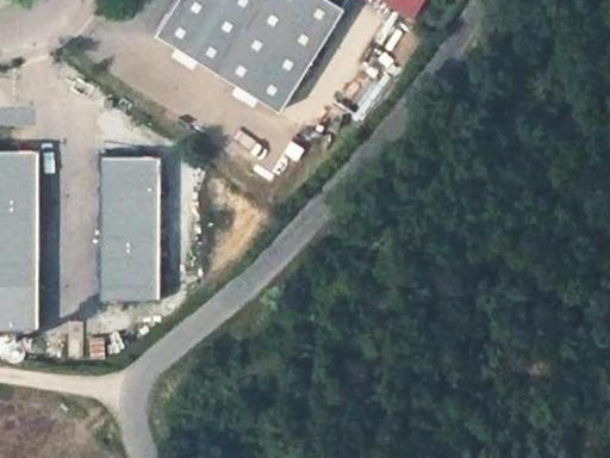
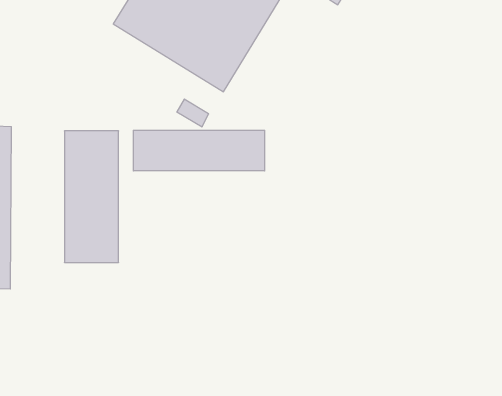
building: none -> [133,130,265,171]

